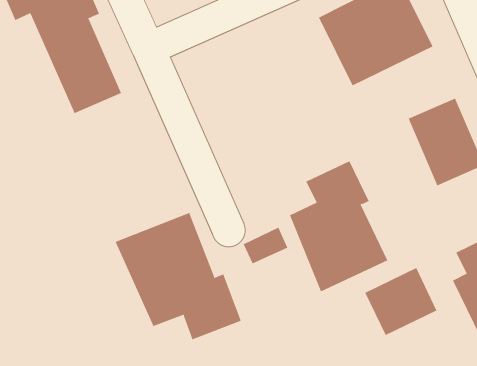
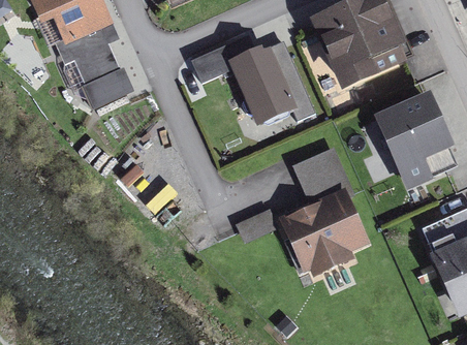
building: none -> [194,34,314,118]
building: [115,212,242,340] -> none
building: [365,267,437,336] -> none

